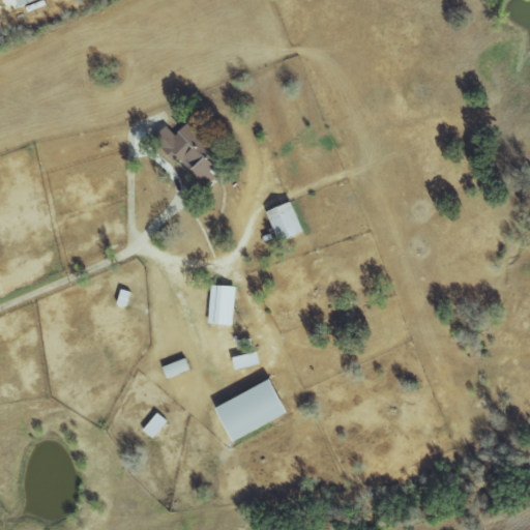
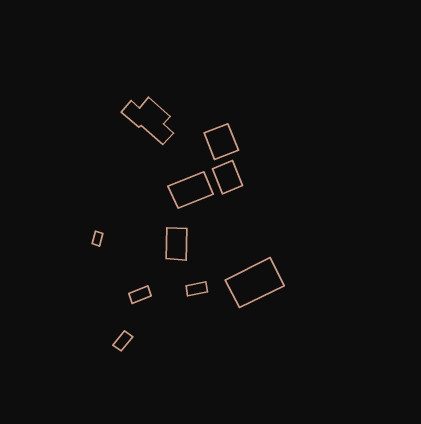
building: none -> [204,124,239,159]
building: none -> [168,172,213,208]
building: [215,378,289,440] -> [225,258,284,307]

